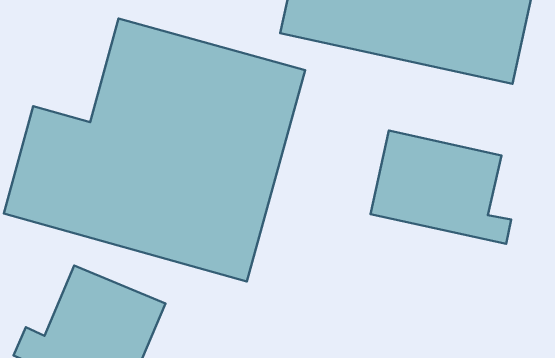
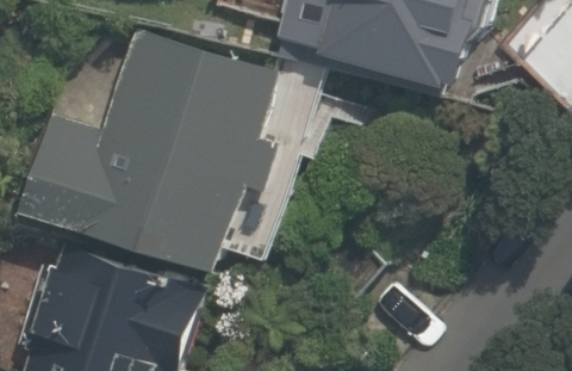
building: [370,130,511,244] -> none

